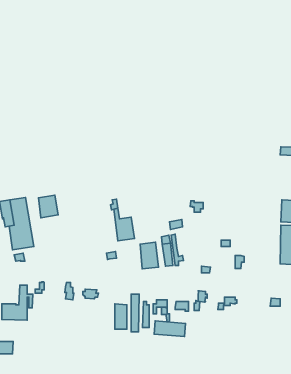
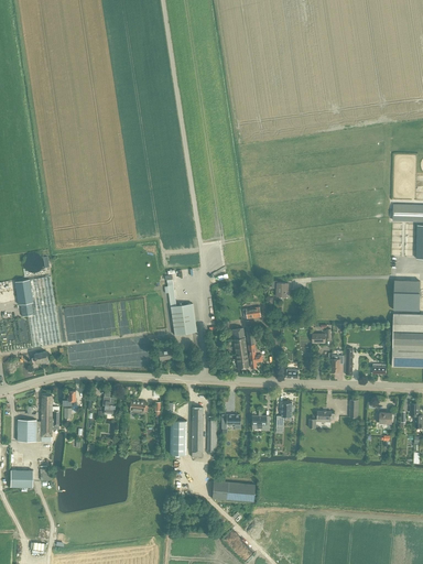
building: [38,195,58,218] -> none
building: [140,242,158,269] -> none
building: [154,321,185,336] -> [213,480,254,501]

